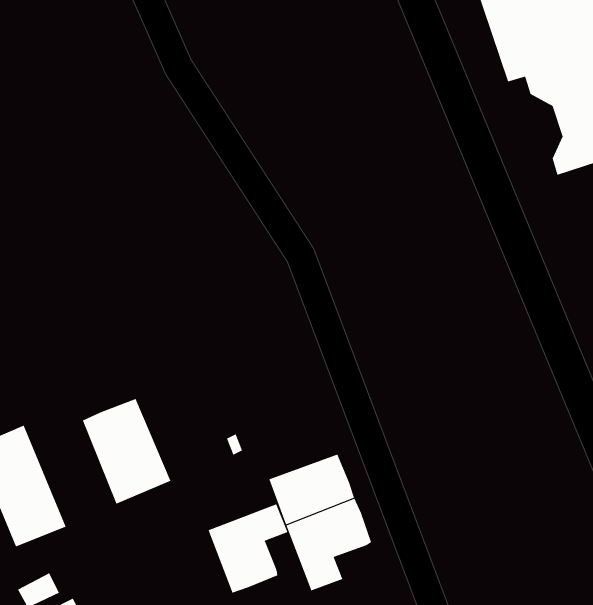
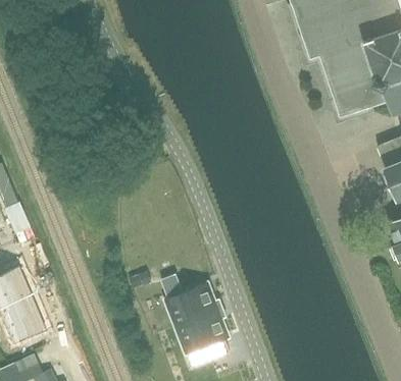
building: [82,398,171,505] -> none
building: [208,503,288,593] -> none

